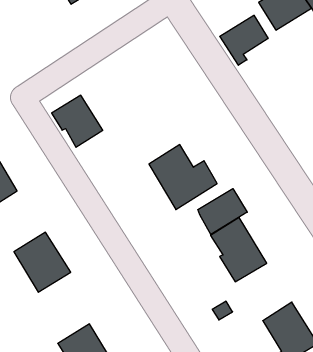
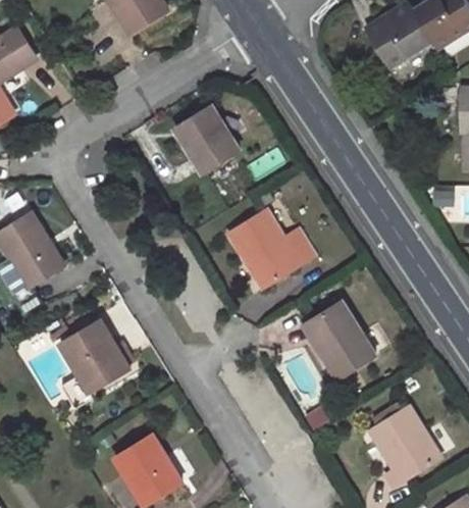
building: [220,15,268,65] -> none
building: [52,95,103,147] -> [174,106,239,171]
building: [198,189,247,234] -> none

